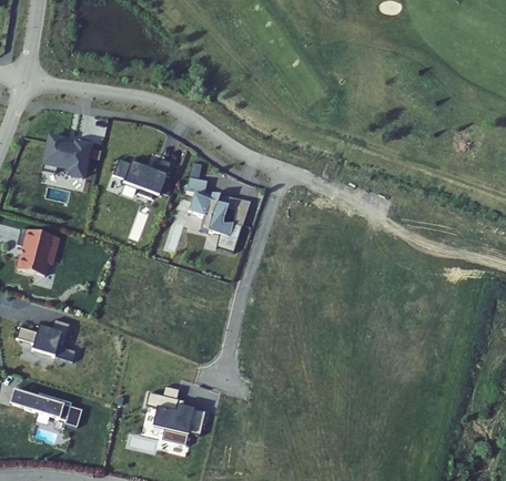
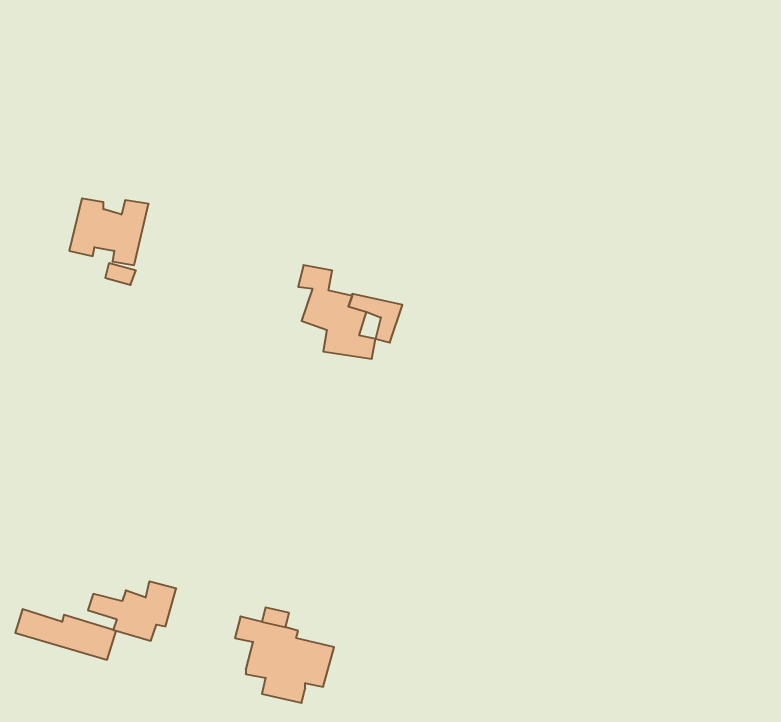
building: [112,157,171,198] -> none
building: [18,228,60,276] -> none
building: [16,320,70,357] -> [88,581,176,641]

